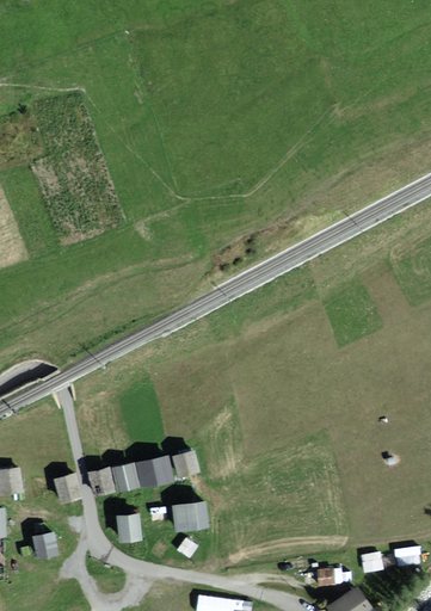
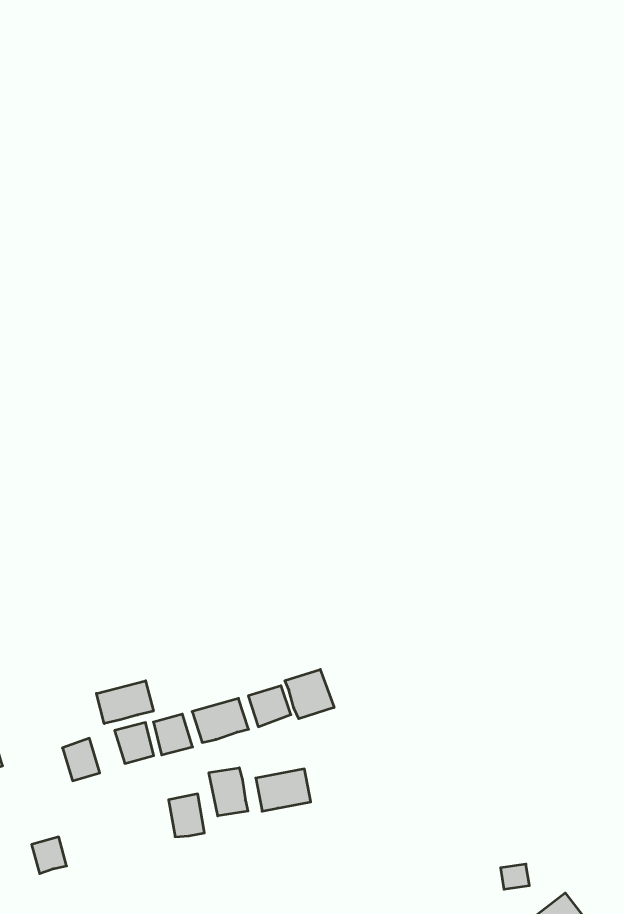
building: none -> [96,681,153,724]
building: none -> [285,669,334,719]
building: none -> [209,768,248,816]

